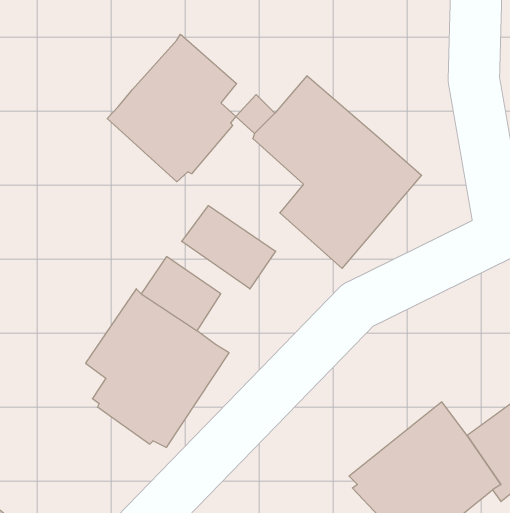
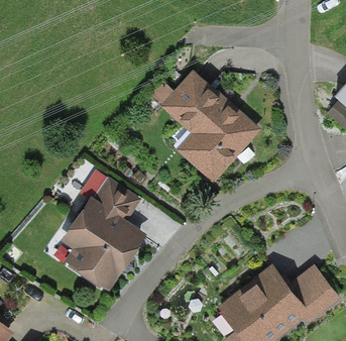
building: [107,34,237,182] -> none
building: [182,206,276,289] -> none

